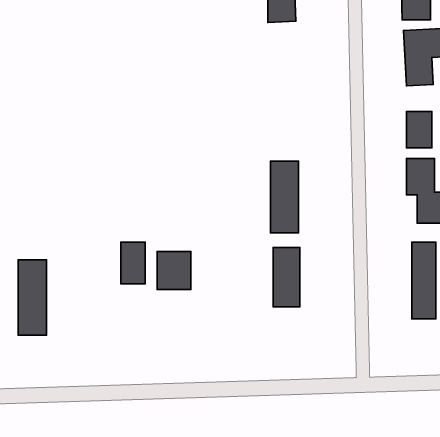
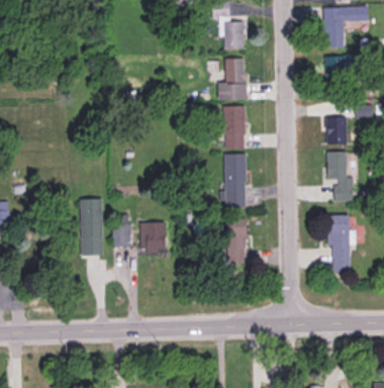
building: none -> [218,60,246,101]
building: none -> [223,106,245,150]
building: [18,260,47,335] -> [81,199,102,256]

